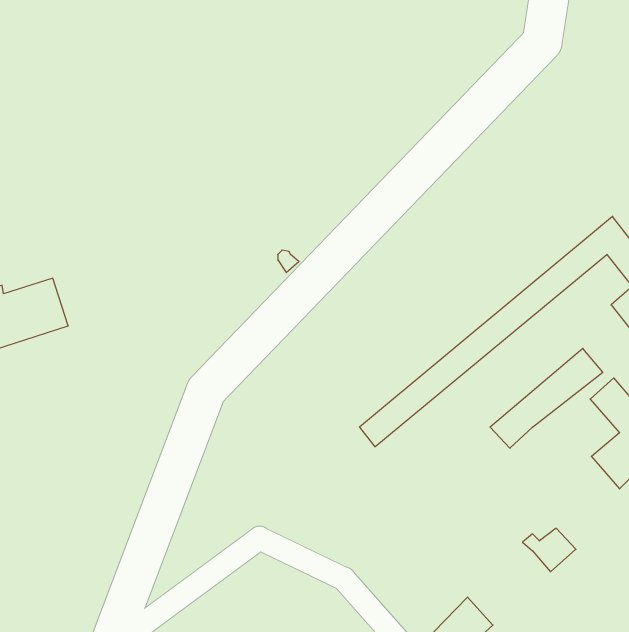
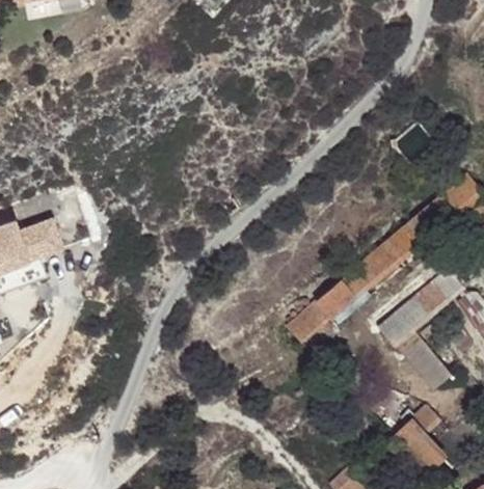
building: none -> [395,328,450,388]
building: none -> [395,419,445,471]

